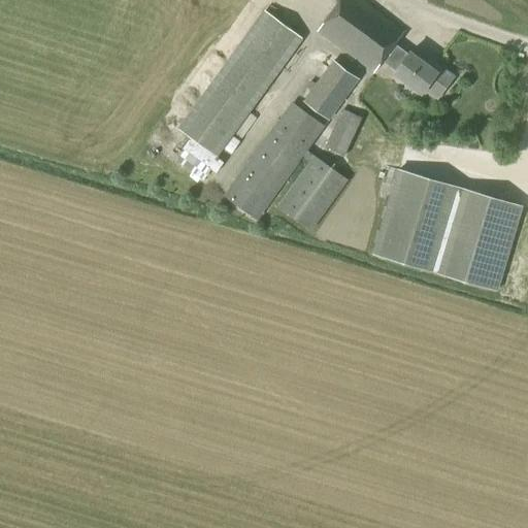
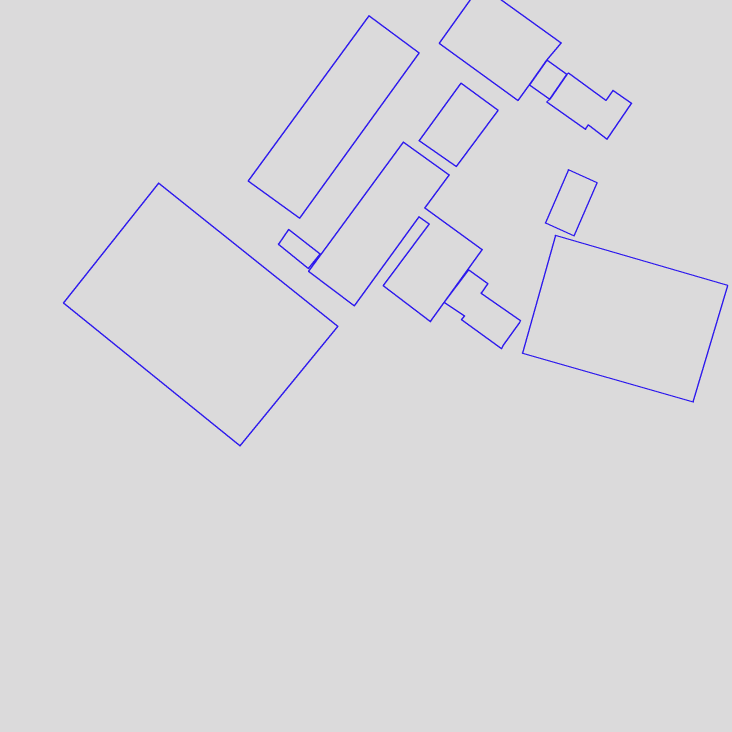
building: [324,108,361,156] -> [545,170,597,236]
building: none -> [64,183,338,446]
building: none -> [444,270,520,349]

